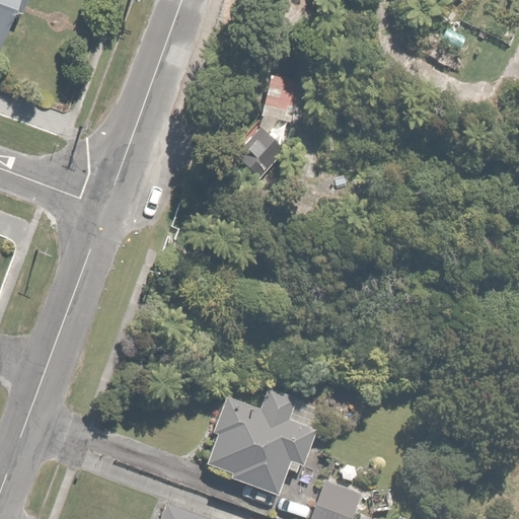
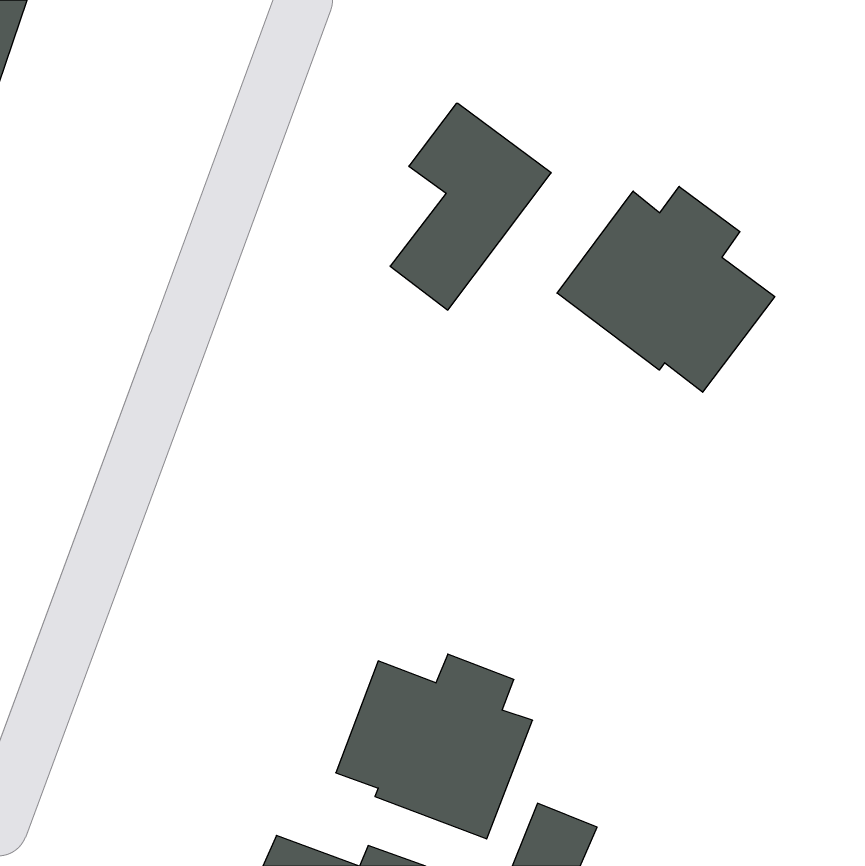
building: none -> [557,186,775,392]

